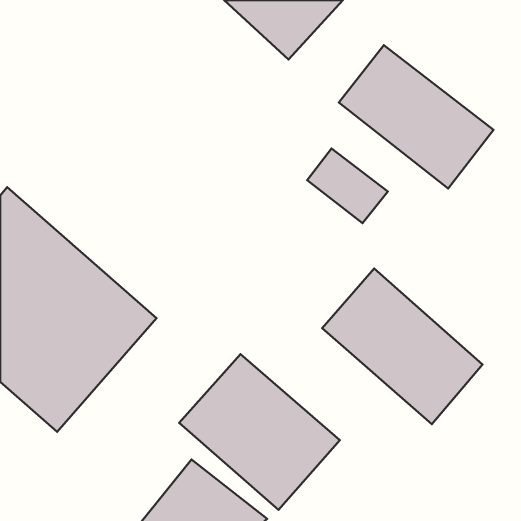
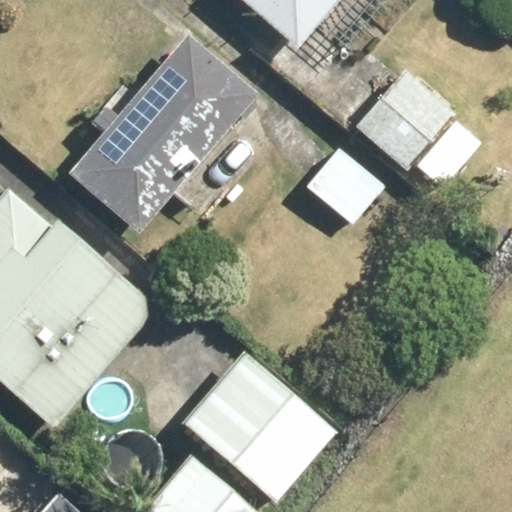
building: none -> [62,40,254,237]
building: [322,268,483,424] -> none

